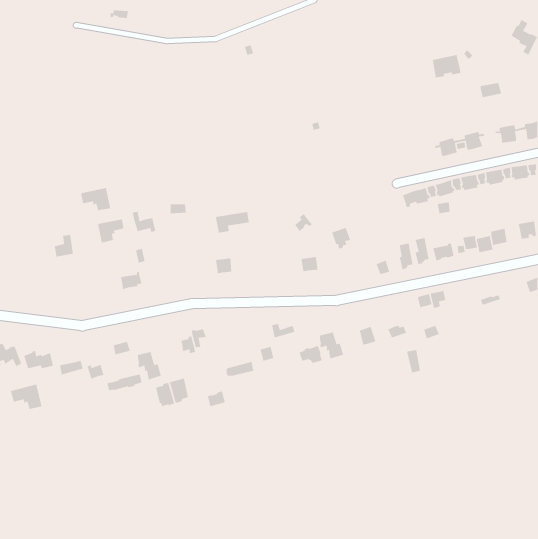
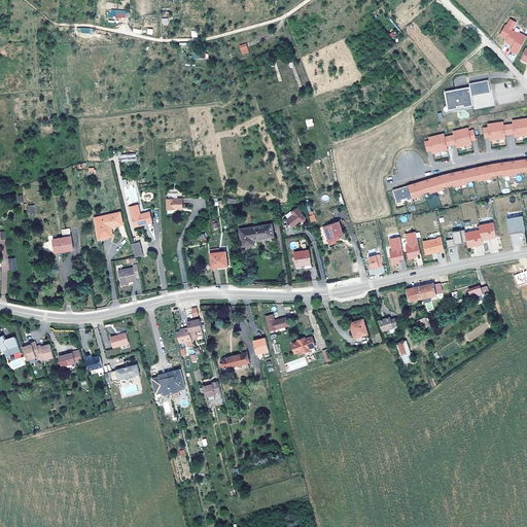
building: [432,54,461,79] -> [444,86,472,110]
building: [80,187,111,211] -> none
building: [215,211,250,233] -> [239,224,273,246]
building: [319,332,344,360] -> none
building: [137,351,162,380] -> none
building: [10,384,43,410] -> none

